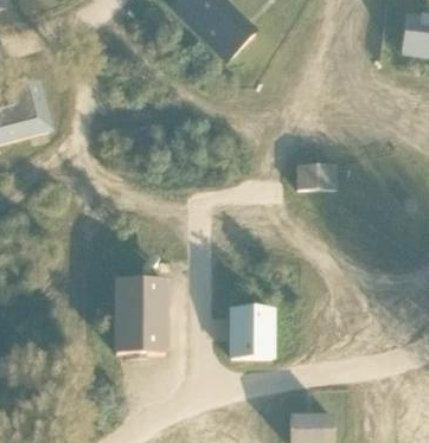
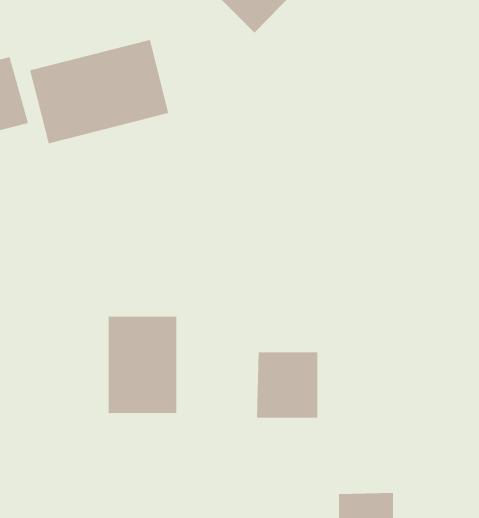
building: none -> [30,39,169,144]
building: [296,162,335,187] -> none

